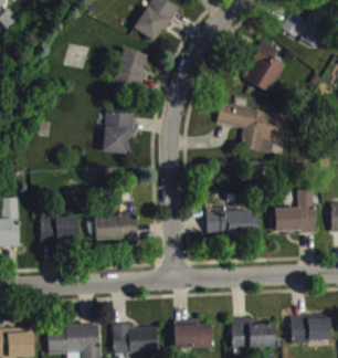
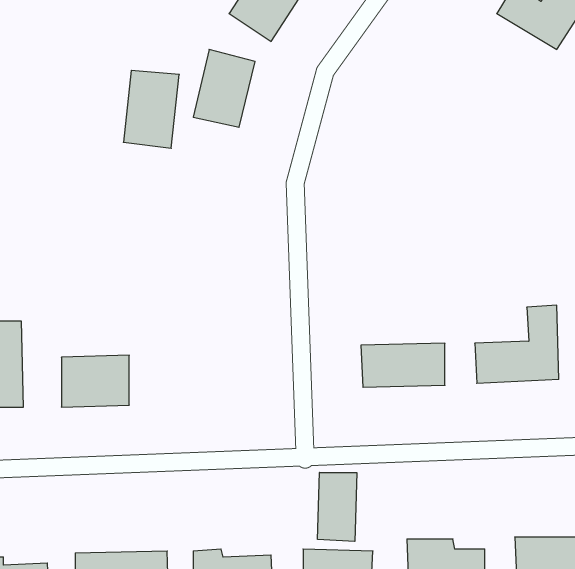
building: [241,38,285,92] -> none
building: [218,103,289,151] -> none
building: [103,110,134,154] -> [123,70,179,148]
building: [96,213,138,240] -> none
building: none -> [318,472,357,541]

